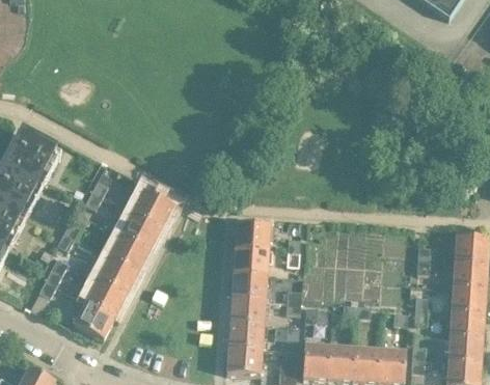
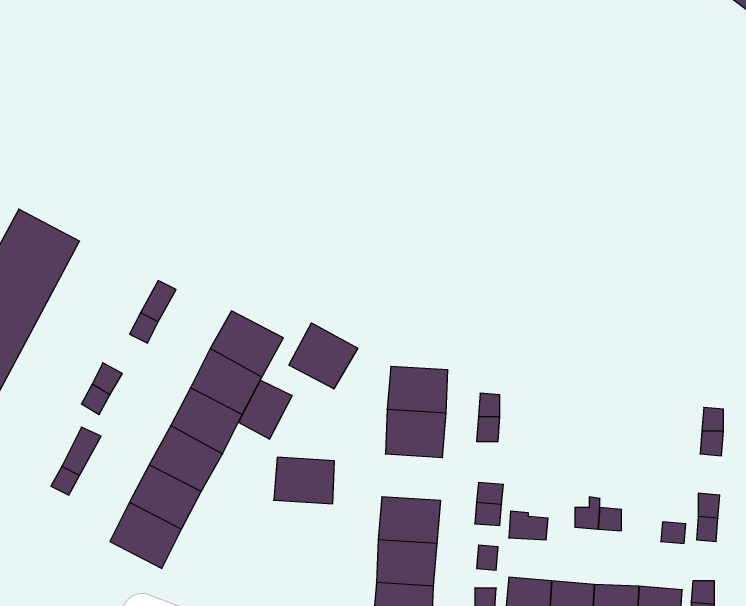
building: none -> [289,323,358,389]
building: none -> [239,380,292,439]
building: [232,272,267,299] -> [274,457,334,504]

